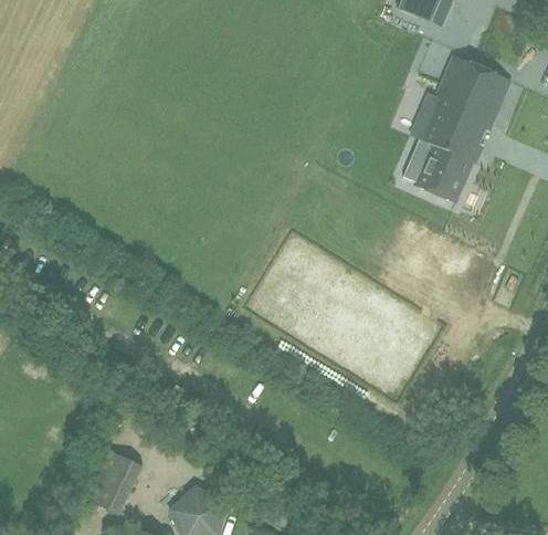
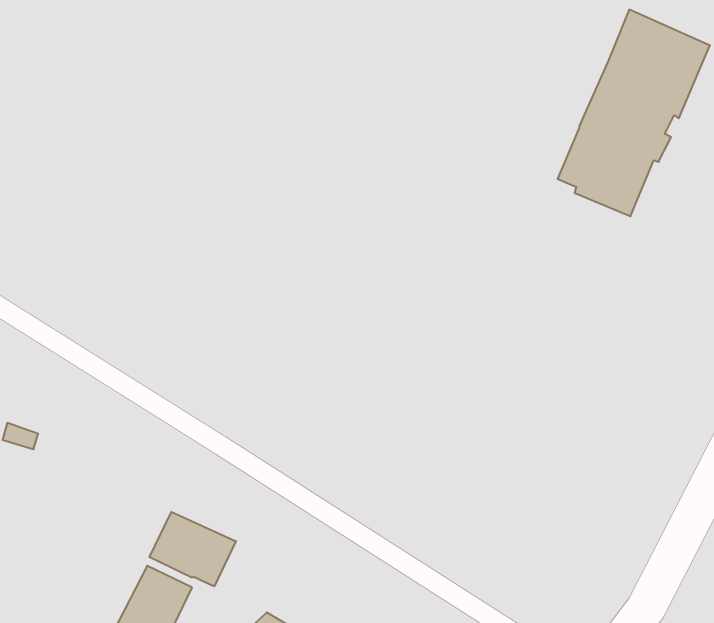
building: none -> [150,512,236,586]

